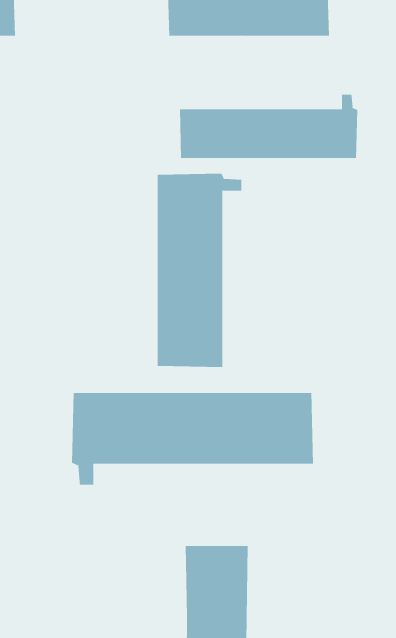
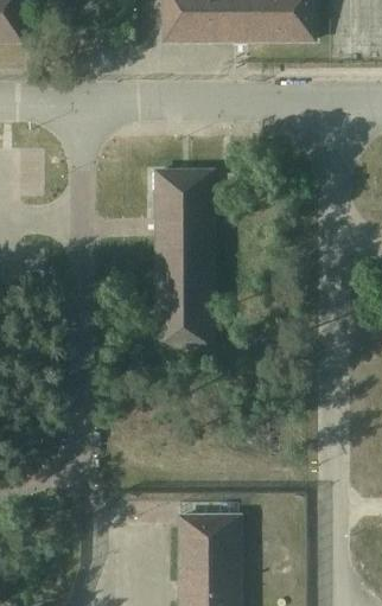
building: [179,94,358,159] -> none
building: [72,392,314,486] -> none

